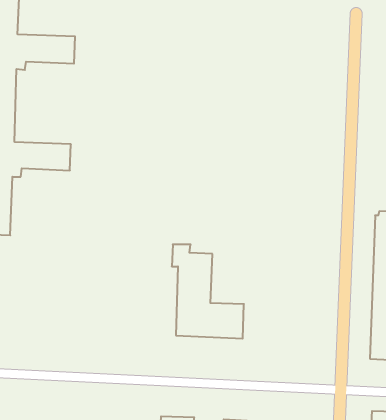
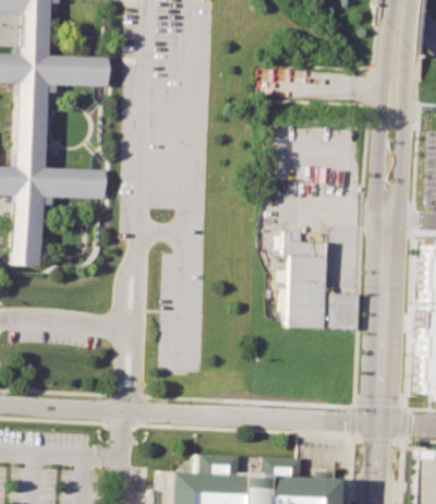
building: [172,244,244,339] -> [286,235,361,333]

